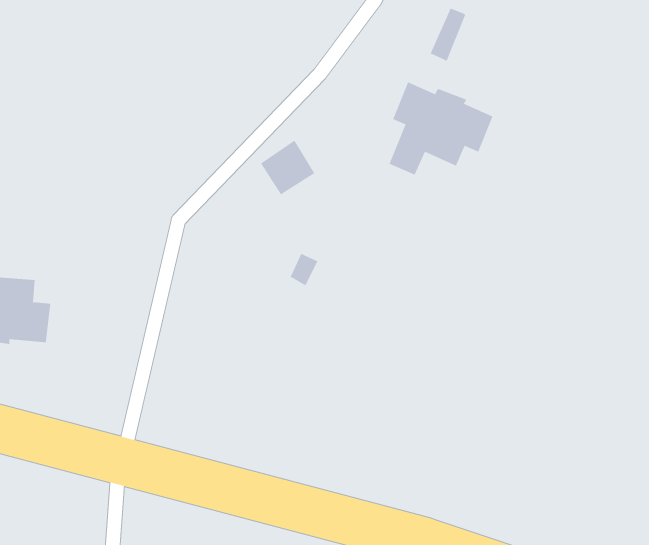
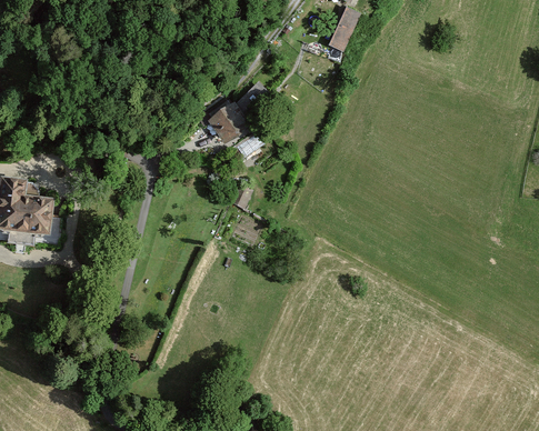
building: [389,82,493,175] -> none

